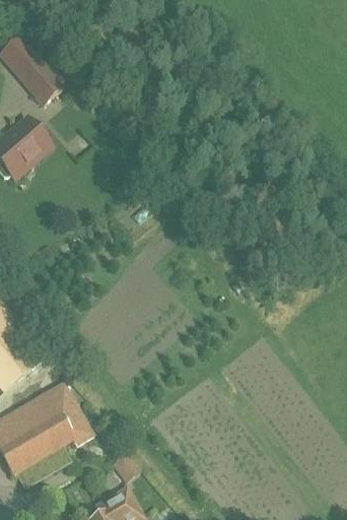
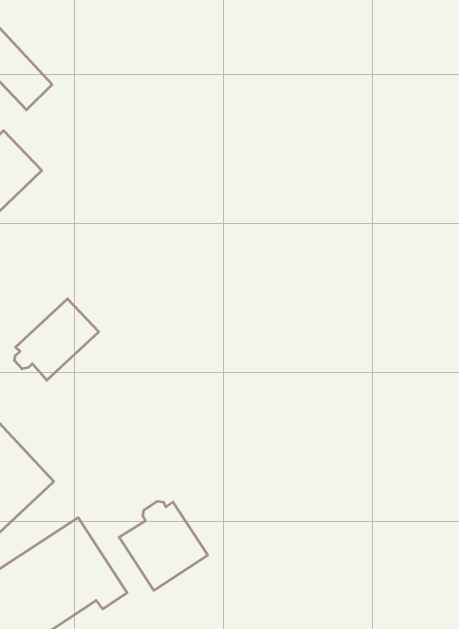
building: none -> [14,299,99,380]
building: none -> [119,501,208,590]

